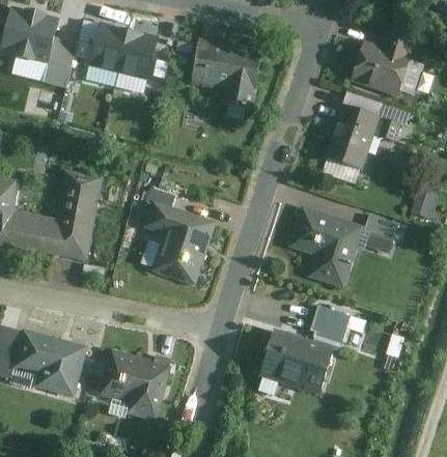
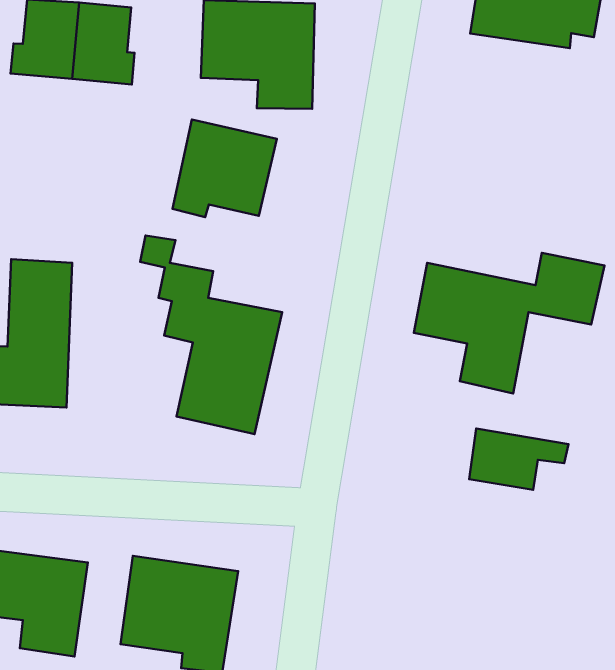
building: [323,90,399,170] -> none
building: none -> [172,120,277,217]
building: [258,331,328,392] -> none

